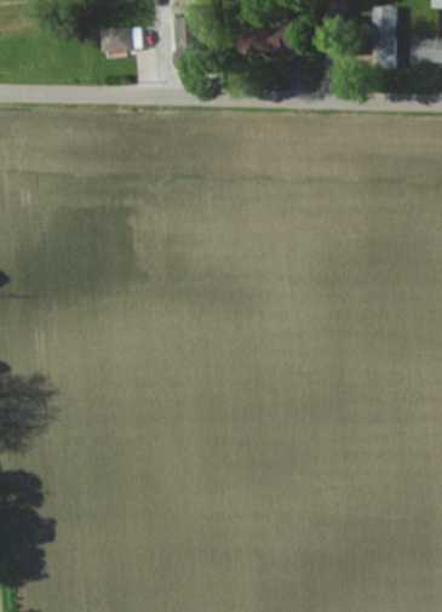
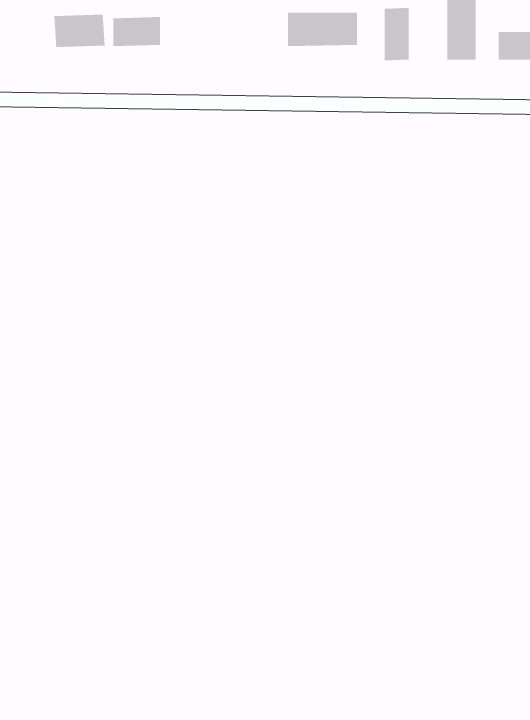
building: none -> [384,7,409,61]
building: none -> [54,14,105,48]

